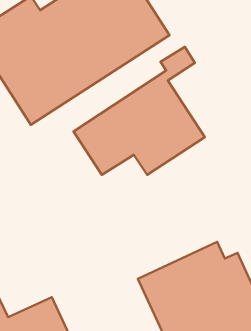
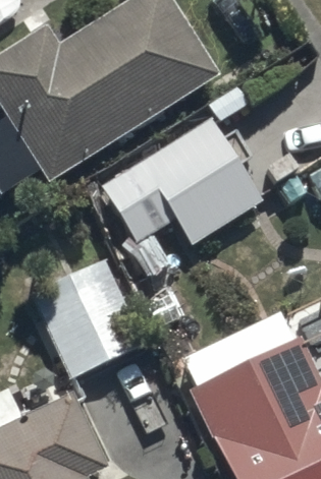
building: none -> [29,253,152,381]

